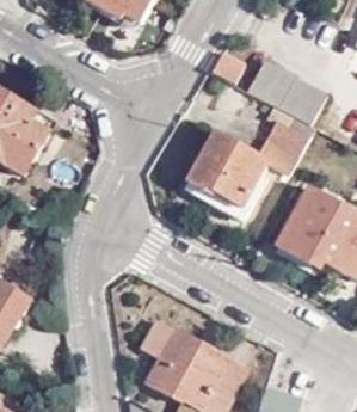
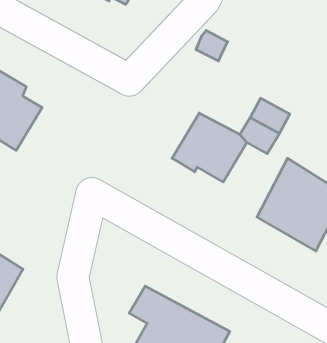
building: [244,56,330,123] -> none

